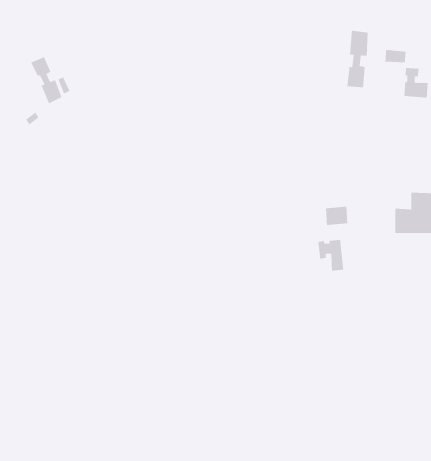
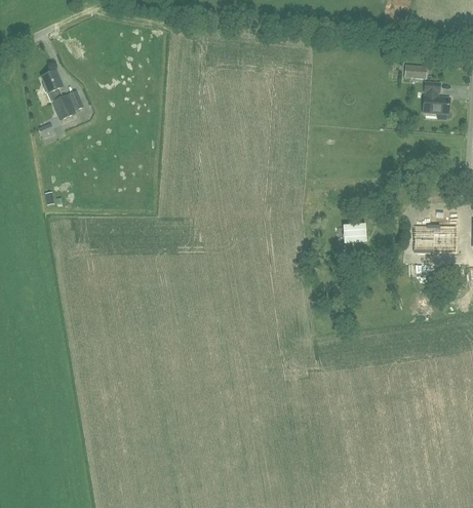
building: [347,30,369,88] -> none
building: [318,239,344,271] -> none

